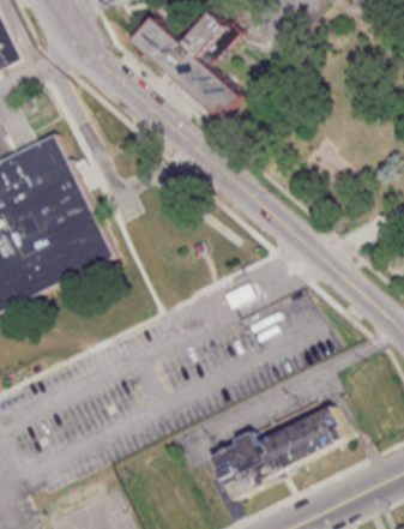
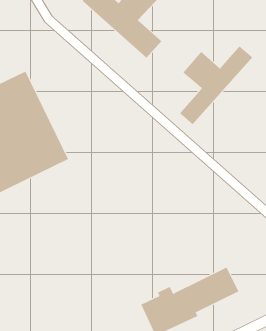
building: none -> [179,45,253,125]

